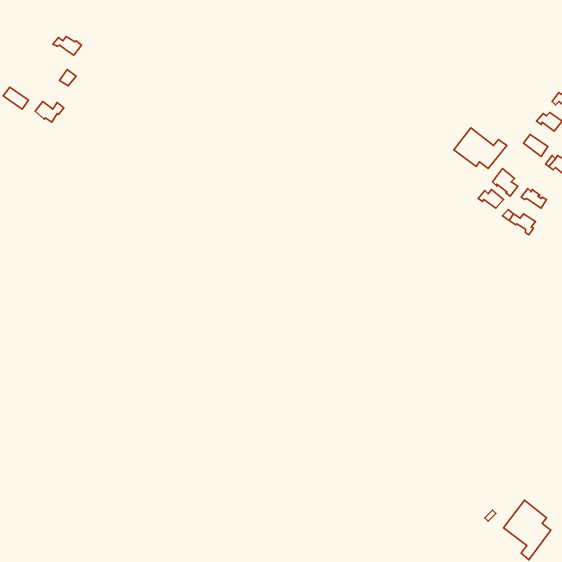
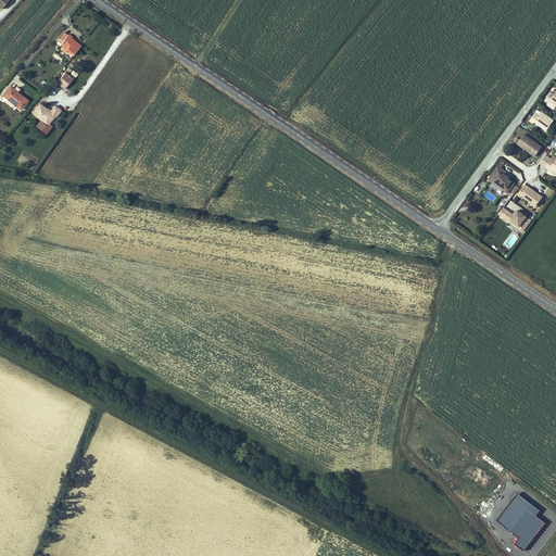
building: [454,128,507,169] -> none

